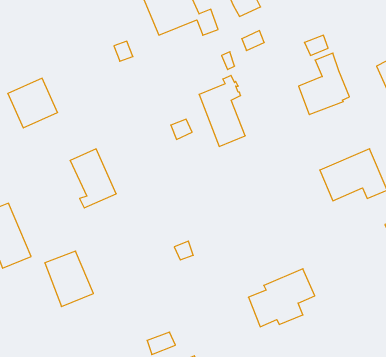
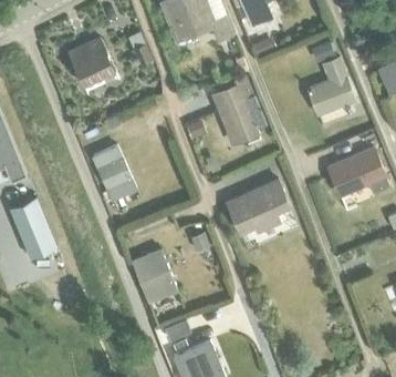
building: [8,78,58,128] -> [67,39,114,85]
building: [45,251,93,307] -> [132,249,177,302]
building: [248,269,315,327] -> [229,180,291,234]

